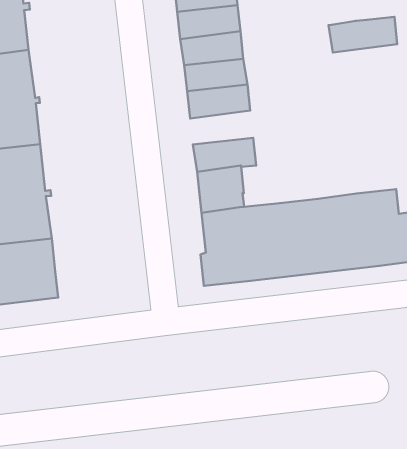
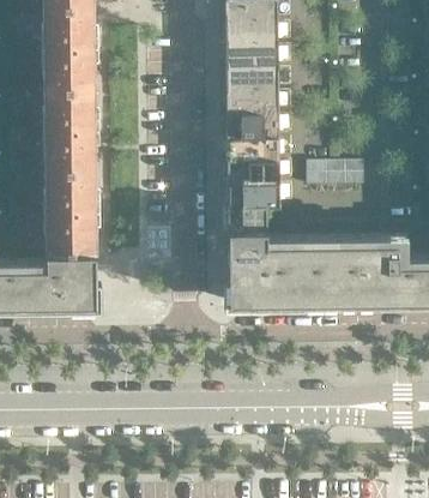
building: [329,17,397,52] -> [304,163,362,188]
building: none -> [225,162,278,186]

